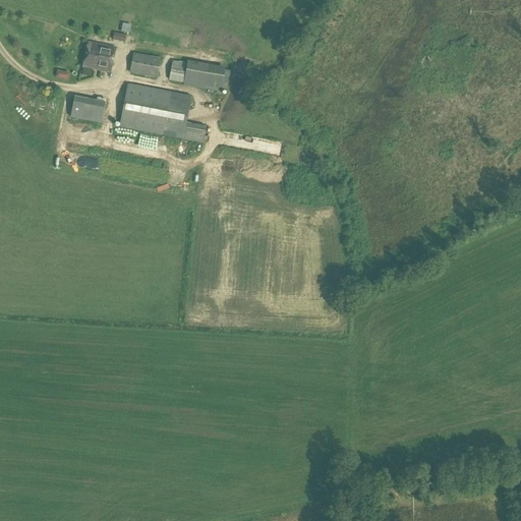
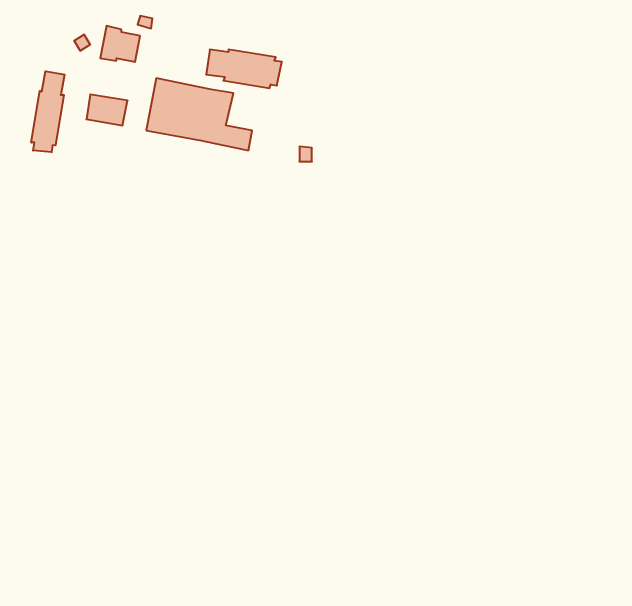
building: [130,52,160,76] -> none
building: none -> [31,71,65,152]

